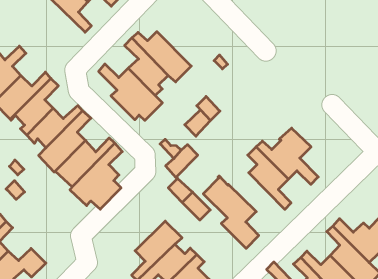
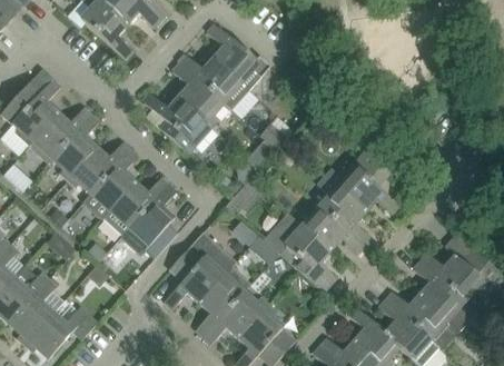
building: none -> [207,22,270,89]
building: none -> [299,206,365,253]
building: none -> [165,231,235,308]

